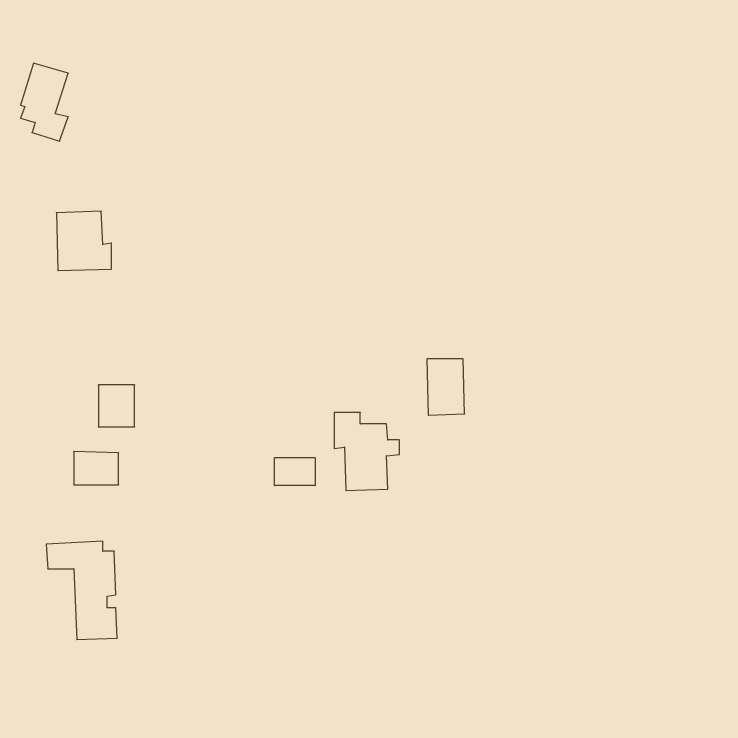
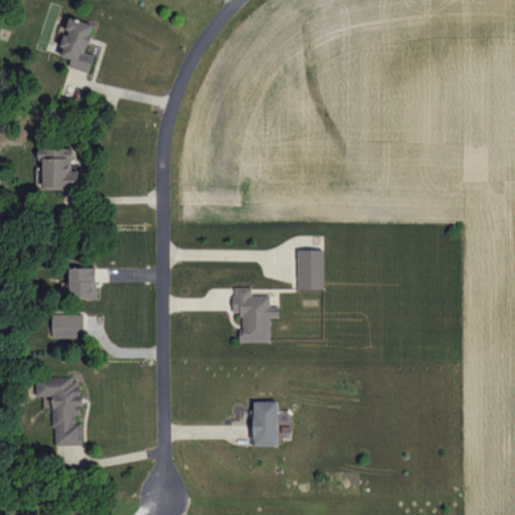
building: [21,63,68,141] -> [60,18,94,72]
building: [275,458,315,486] -> none
building: none -> [250,401,278,446]

